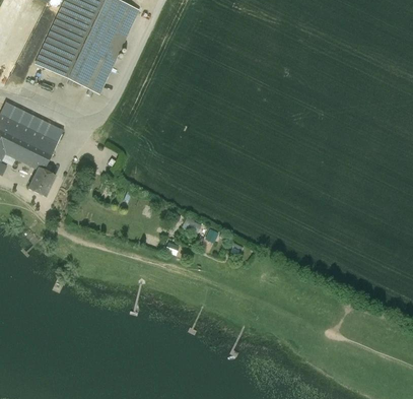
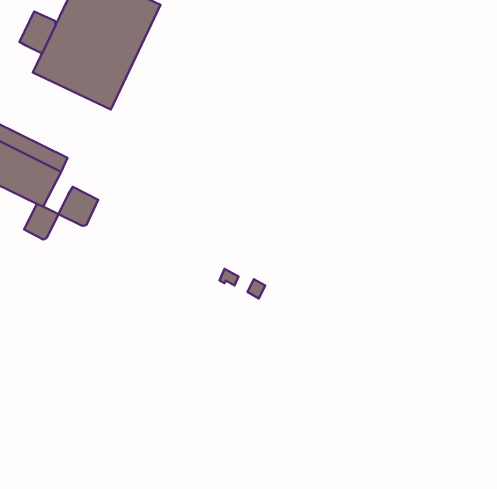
building: none -> [20,12,55,53]
building: none -> [59,187,98,226]

